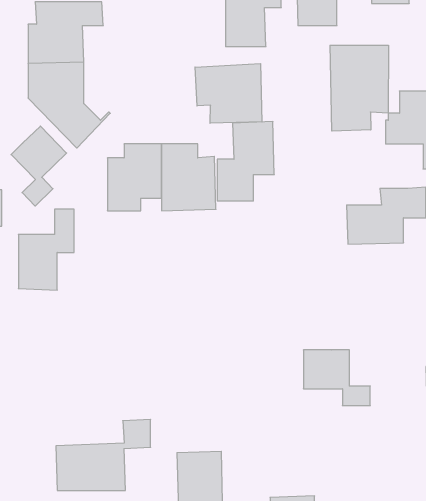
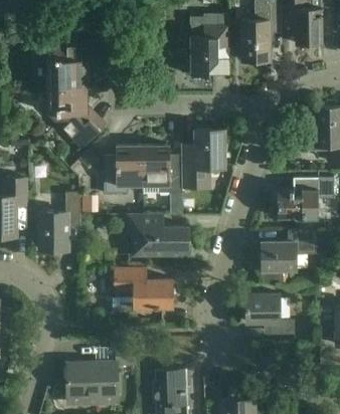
building: [330,45,388,131] -> none
building: [195,64,262,123] -> none
building: [11,126,67,206] -> none
building: none -> [128,215,188,255]
building: none -> [262,229,317,270]
building: none -> [112,267,173,314]

